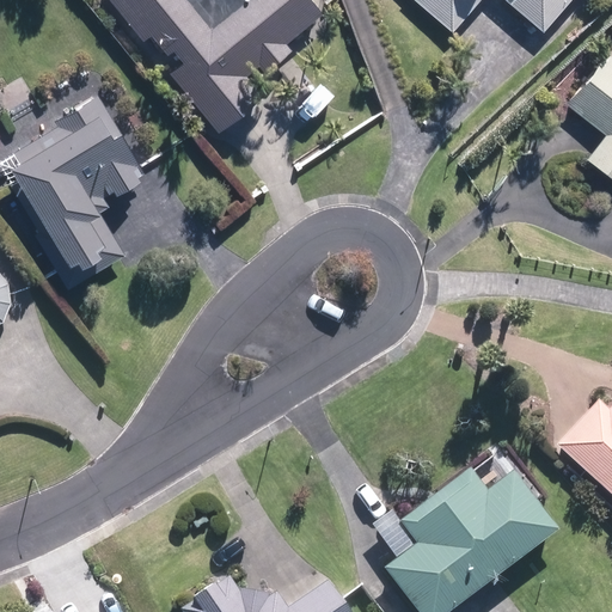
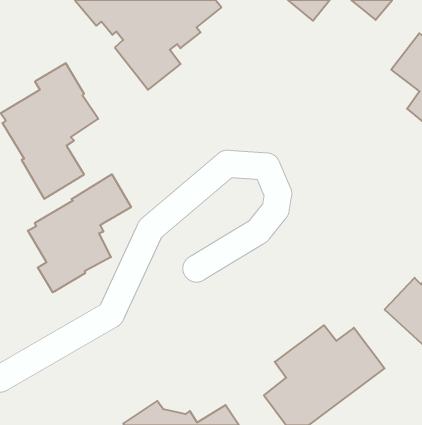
building: none -> [28,174,131,292]

